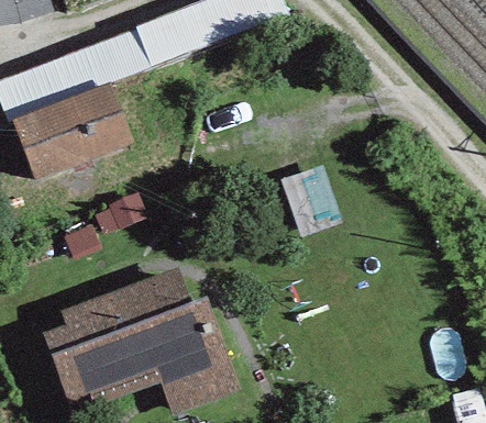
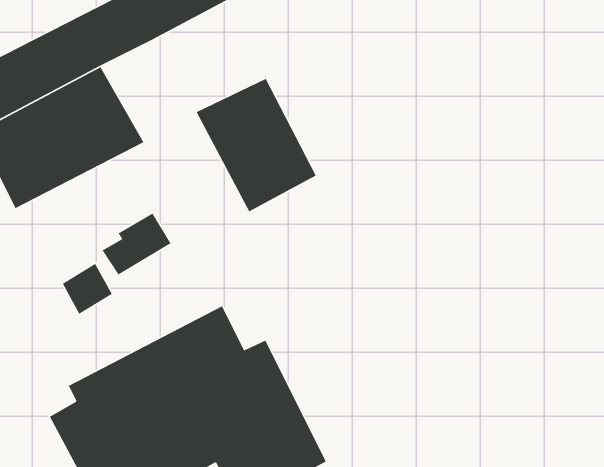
building: none -> [195,78,317,212]

